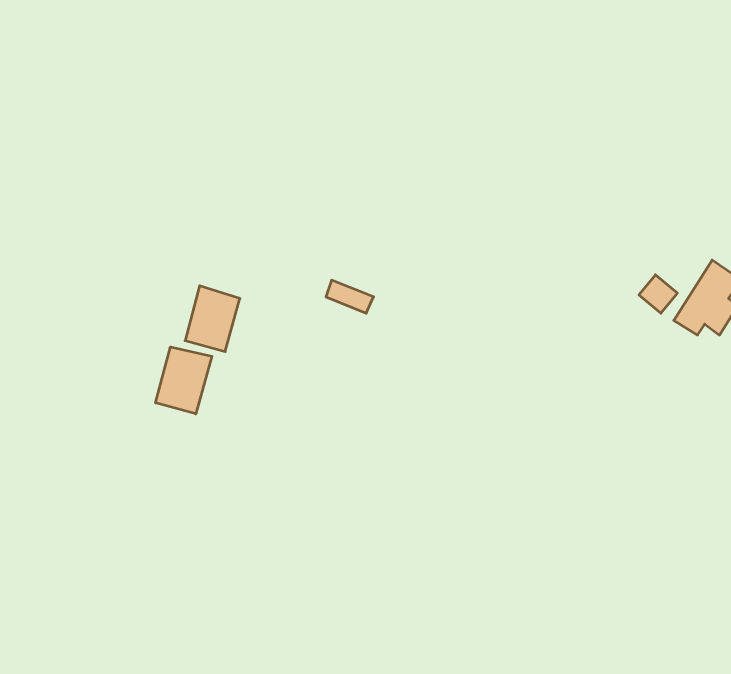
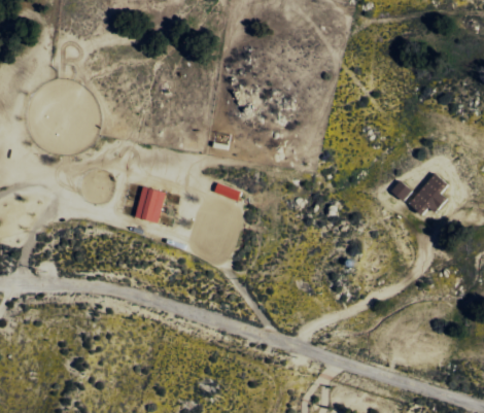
building: [156,347,212,414] -> none

